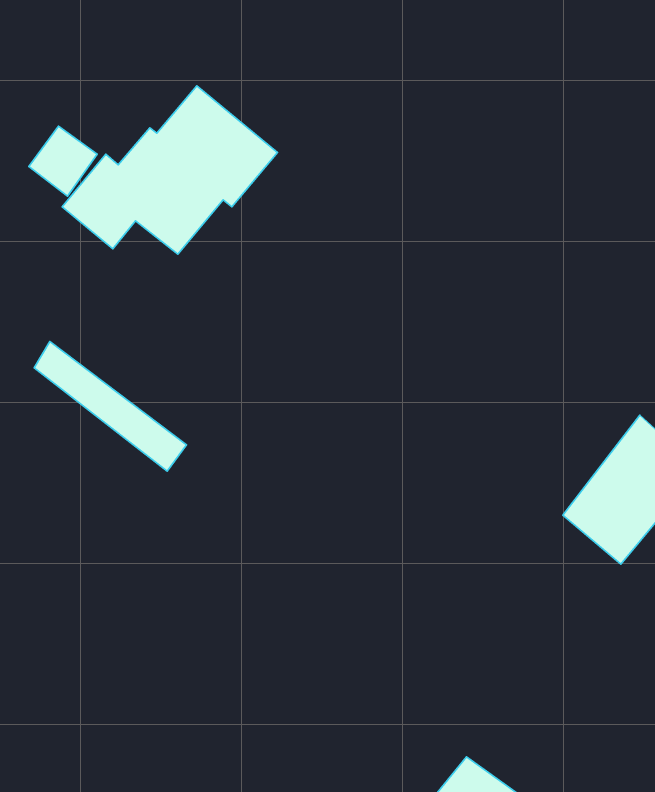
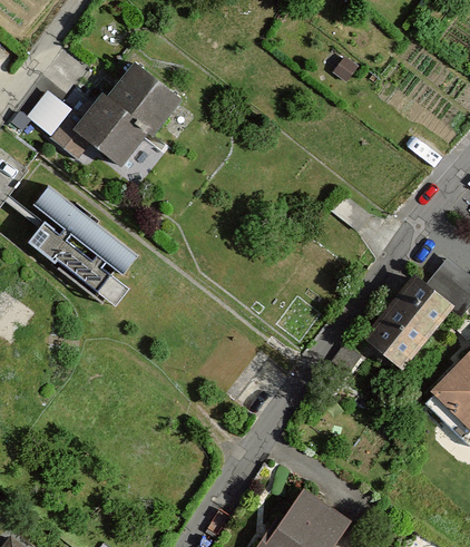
building: none -> [30,185,138,281]

